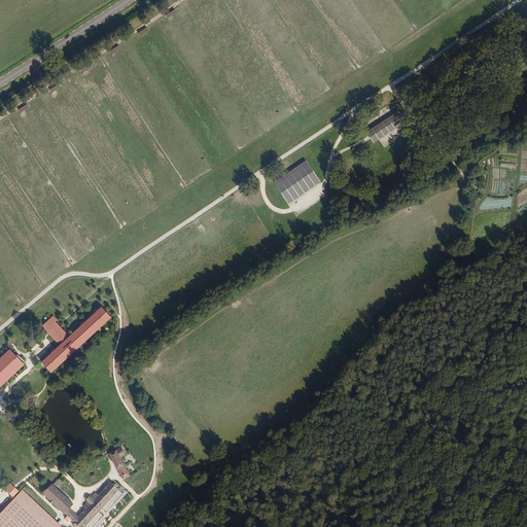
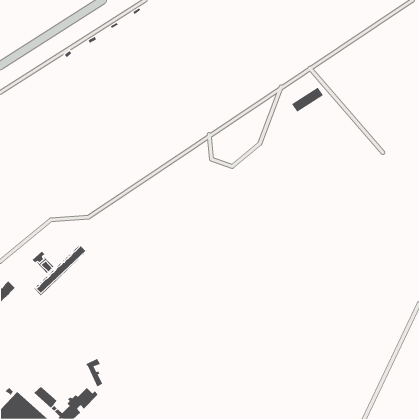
building: [274,161,320,204] -> none

